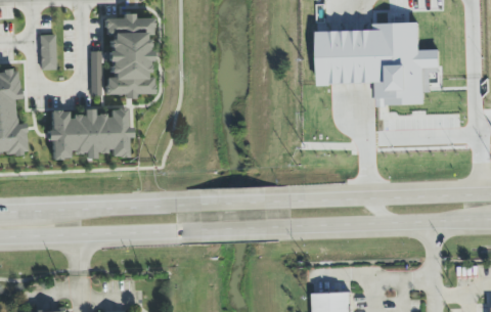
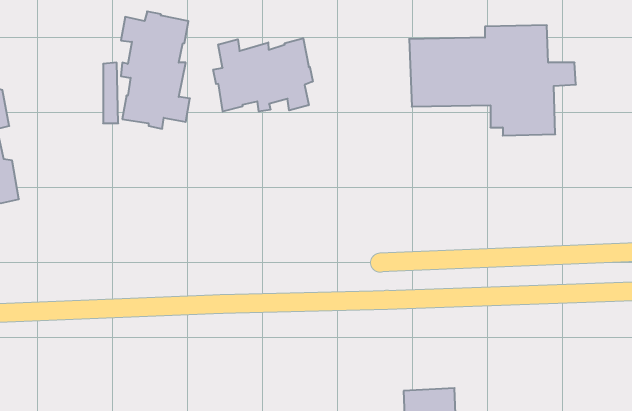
building: none -> [213,38,313,112]
building: [38,34,55,69] -> none
building: [45,106,132,161] -> none

